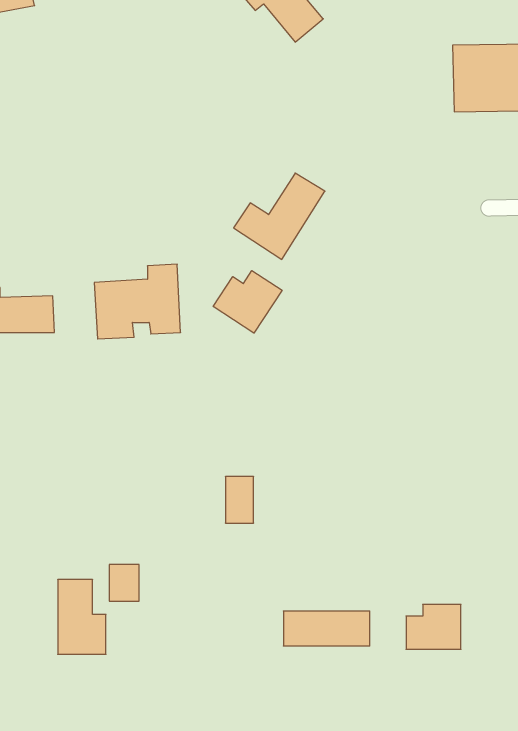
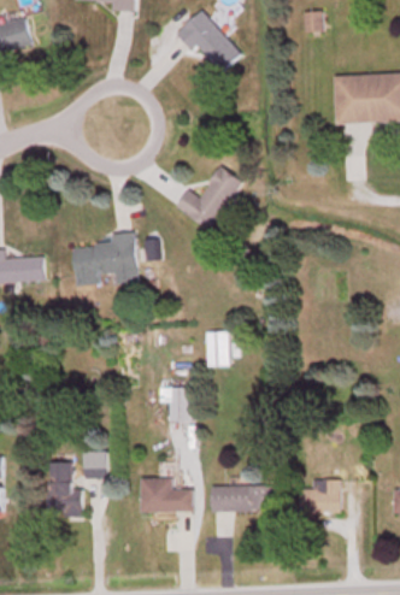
building: [213,271,282,333] -> none
building: none -> [207,332,228,366]
building: none -> [140,478,193,511]

